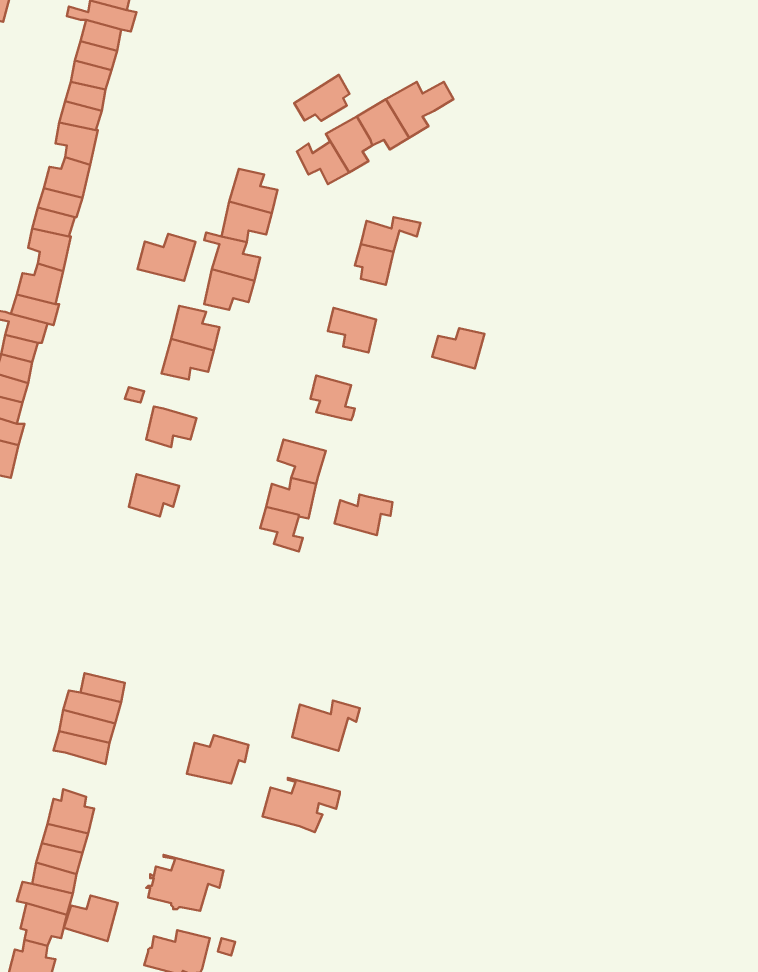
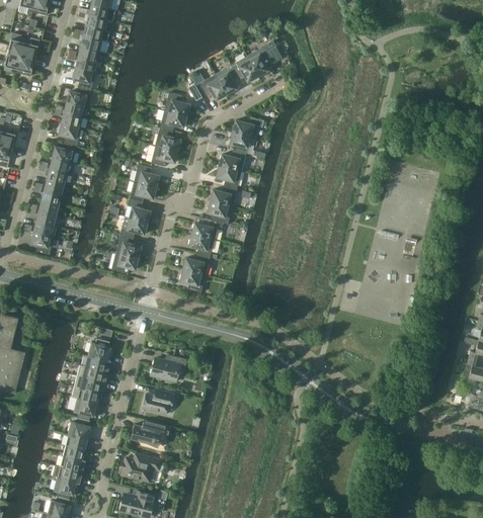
building: [294,75,350,121] -> none
building: [137,234,195,281] -> none
building: [432,328,484,369] -> [219,150,246,171]
building: none -> [210,185,237,206]
building: none -> [125,199,150,223]
building: none -> [115,234,141,258]
building: [334,494,392,535] -> [192,219,223,240]
building: none -> [88,338,113,361]
building: [292,701,360,751] -> [151,355,186,381]
building: none -> [75,398,99,421]
building: [263,778,340,832] -> [131,419,171,447]
building: [64,895,118,941] -> none

